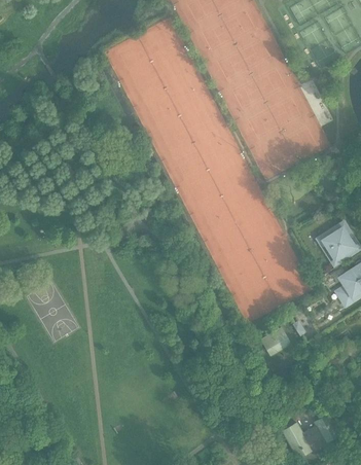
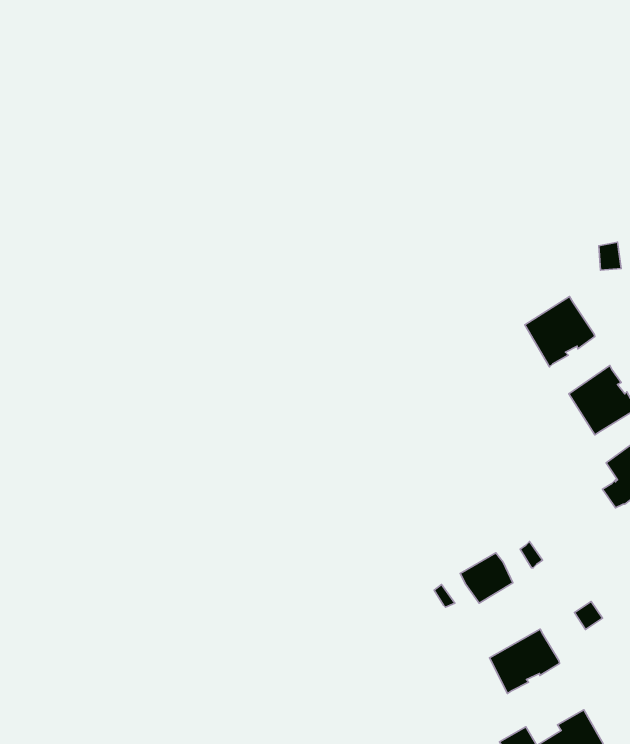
building: none -> [525,297,595,367]
building: none -> [489,629,559,694]

